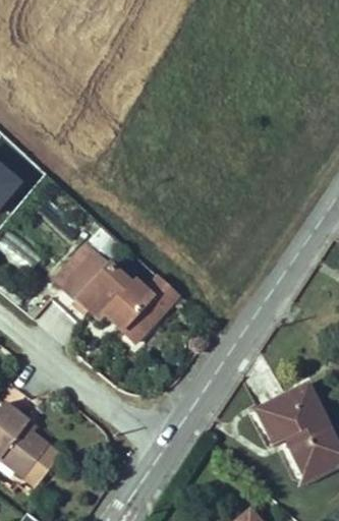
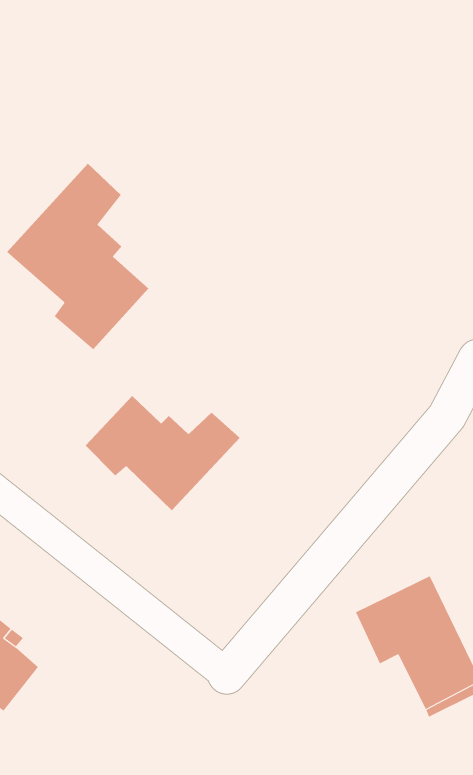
building: none -> [6,163,149,350]
building: [58,245,110,297] -> none

